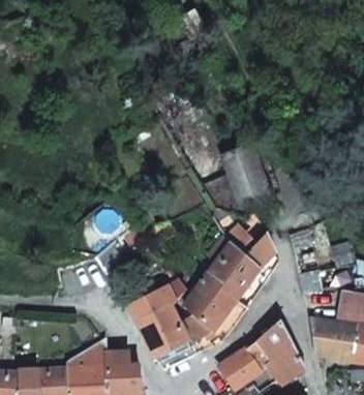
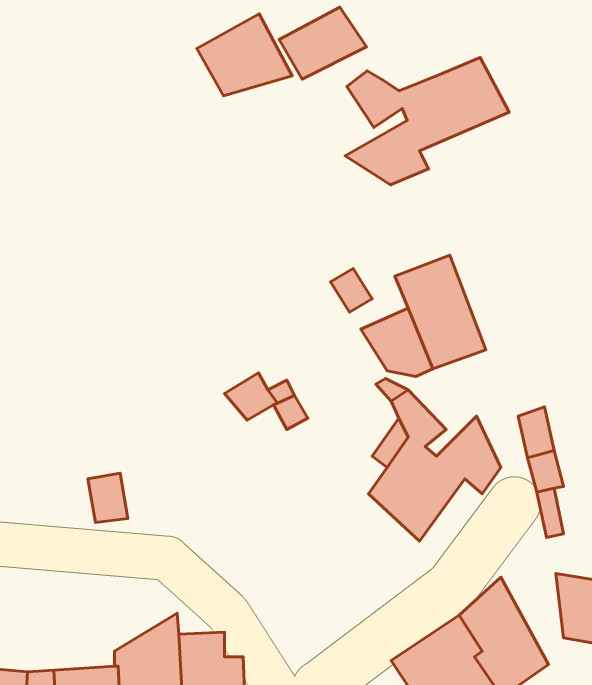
building: none -> [197,14,292,96]
building: none -> [345,57,509,185]
building: [184,275,245,340] -> none
building: [130,294,194,369] -> none

